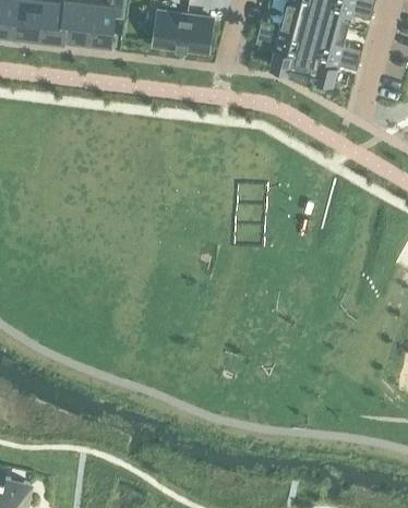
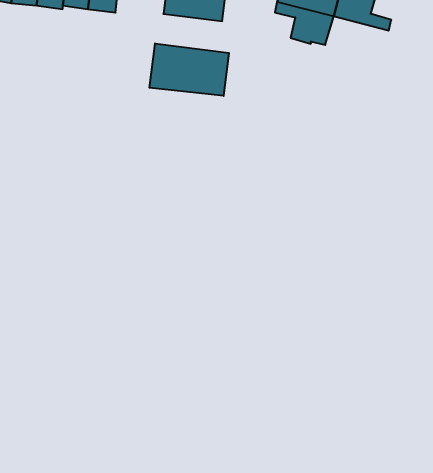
building: [302,46,360,83] -> none
building: none -> [149,43,229,96]

